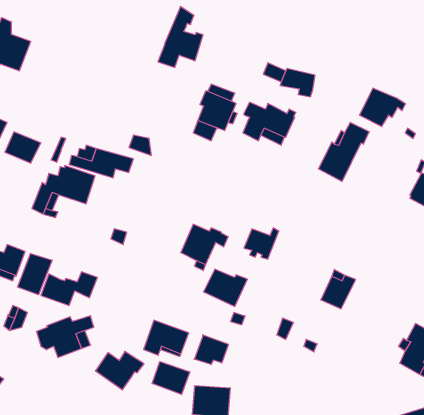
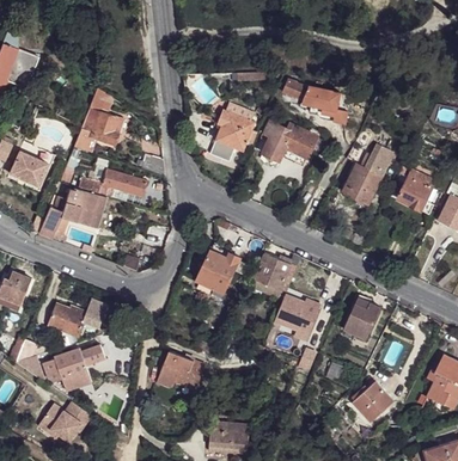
building: [158,6,203,67] -> [73,87,121,152]
building: [359,88,406,126] -> [396,170,445,210]
building: [18,253,52,295] -> none
building: [203,269,247,306] -> [273,296,319,336]
building: [194,335,228,365] -> none
building: none -> [354,383,395,423]
building: [95,351,144,390] -> [42,401,93,442]
building: [152,362,190,395] -> none

